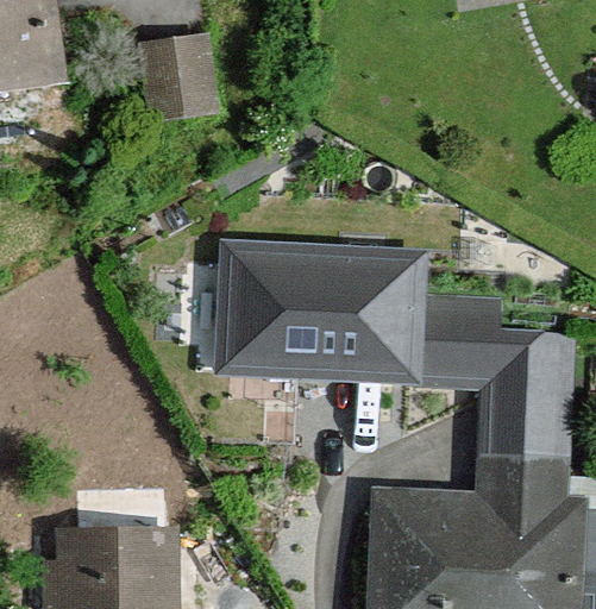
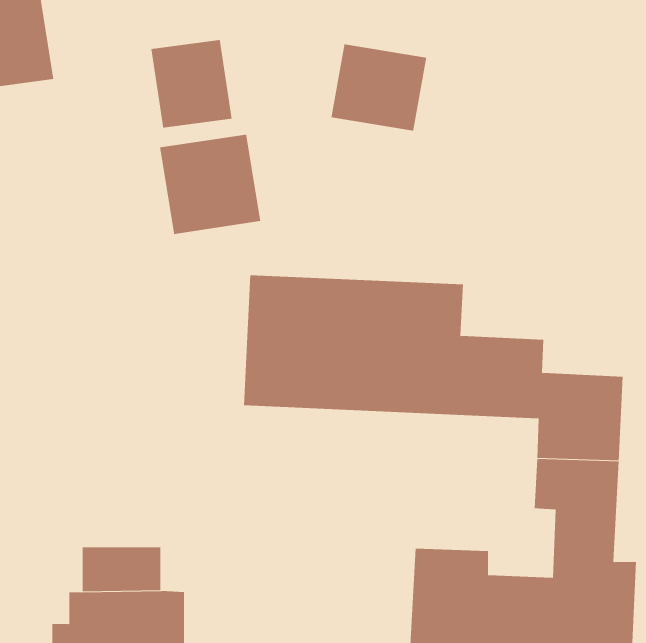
building: none -> [331,43,427,131]
building: none -> [159,134,261,235]

